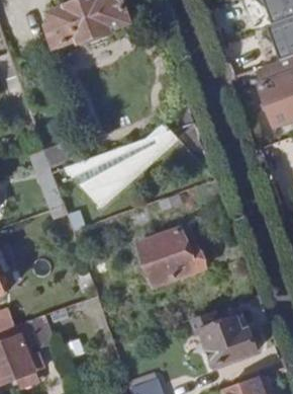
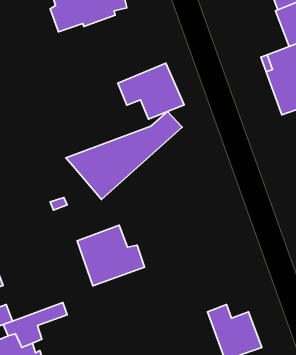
building: none -> [118,63,184,119]
building: [138,229,203,288] -> [77,225,144,286]

